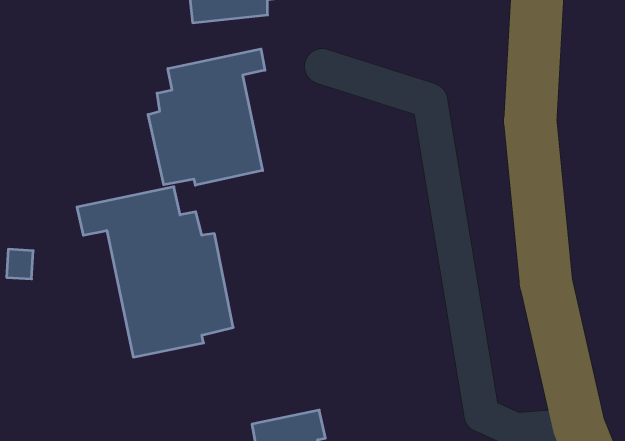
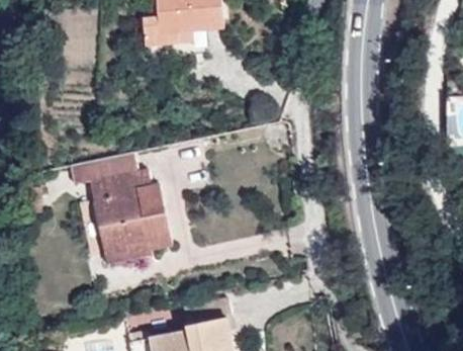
building: [148,49,265,185] -> none

